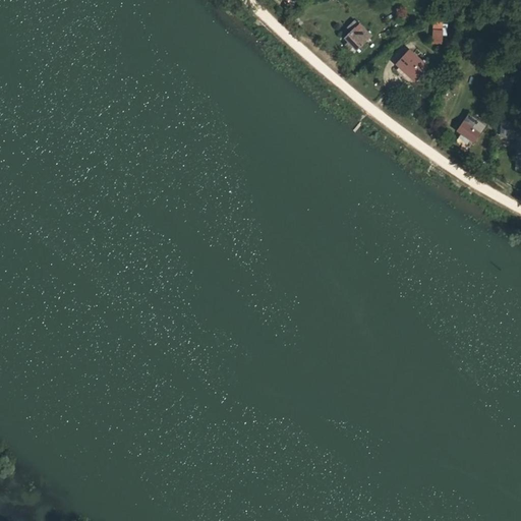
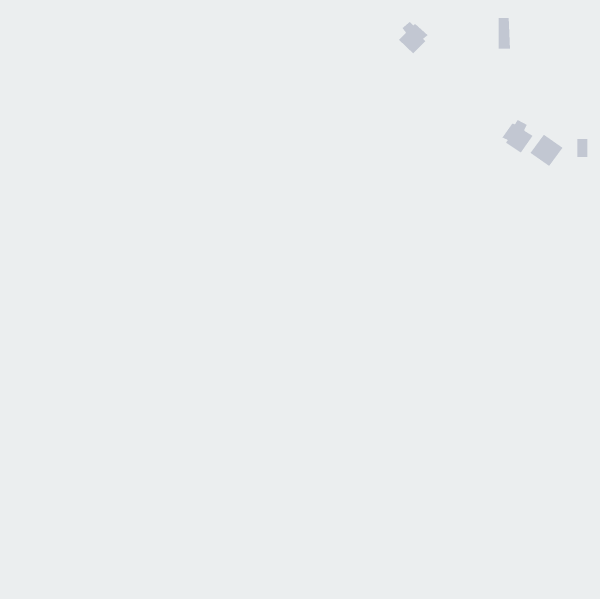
building: [393,49,428,83] -> none
building: none -> [501,119,534,153]

